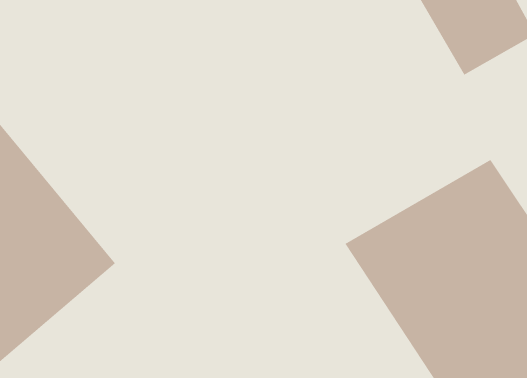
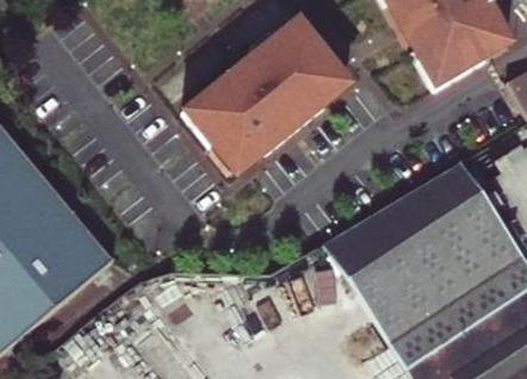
building: none -> [175,24,341,169]

